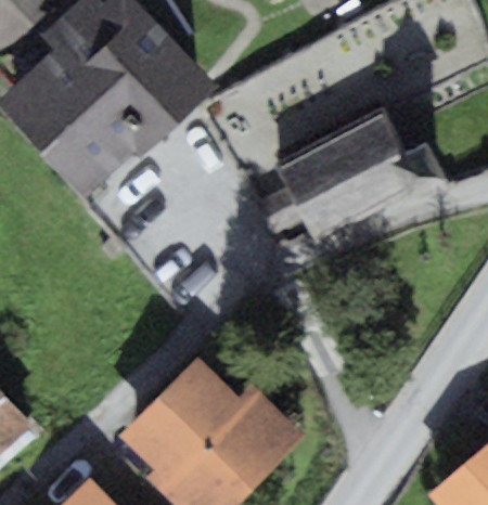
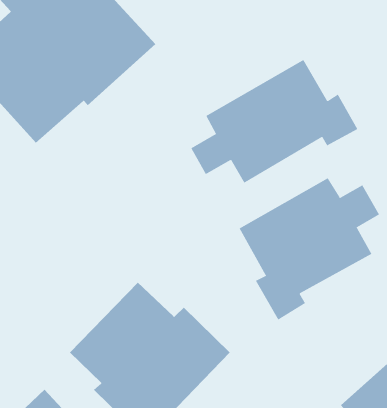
building: none -> [239,177,380,321]

